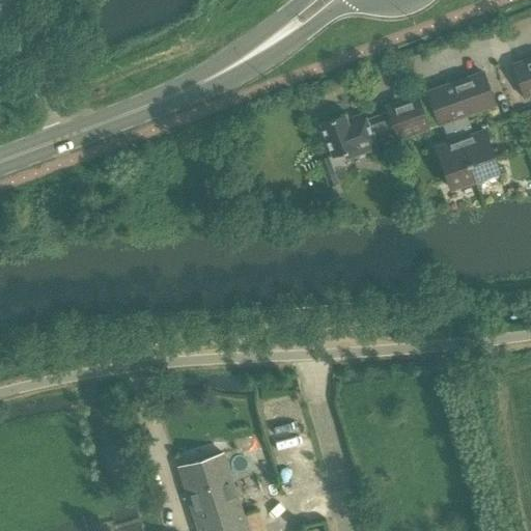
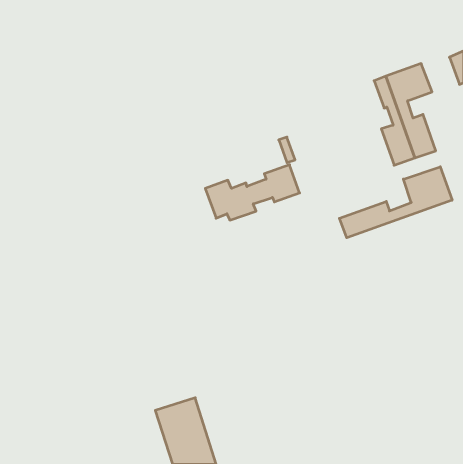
building: [319,96,427,160] -> [205,165,300,220]
building: none -> [339,167,452,238]

